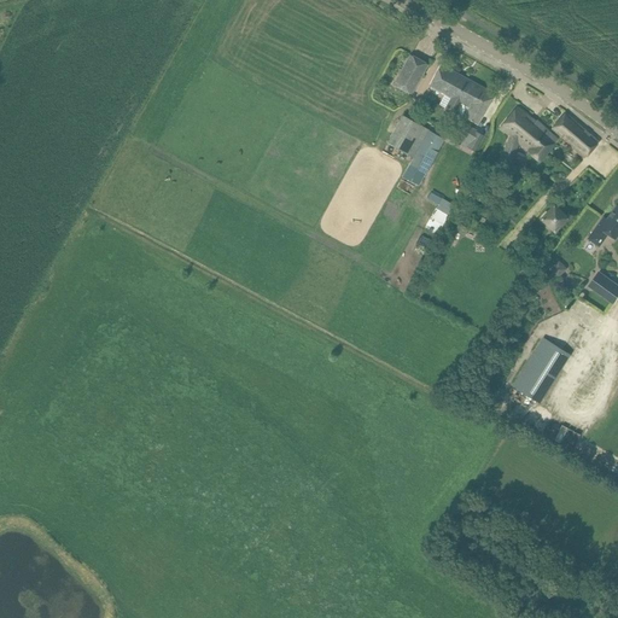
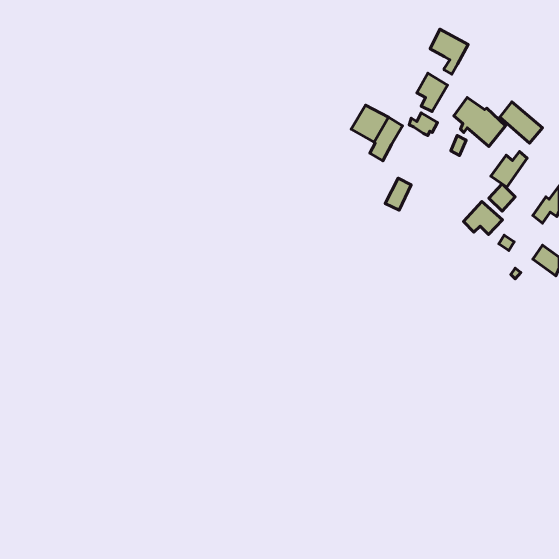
building: [393,54,427,94] -> none
building: [430,64,472,113] -> [430,29,468,74]
building: none -> [491,152,527,187]
building: none -> [463,201,503,234]
building: [512,339,569,402] -> none

